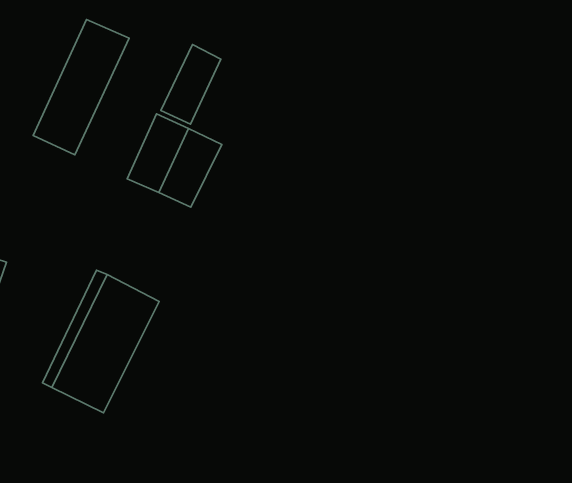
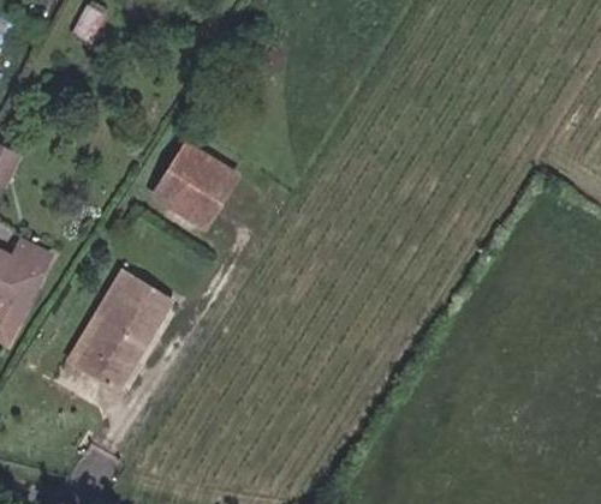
building: [33,20,129,155] -> none
building: [161,44,221,124] -> none

